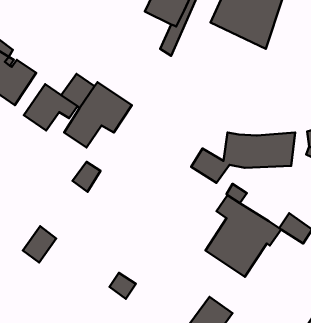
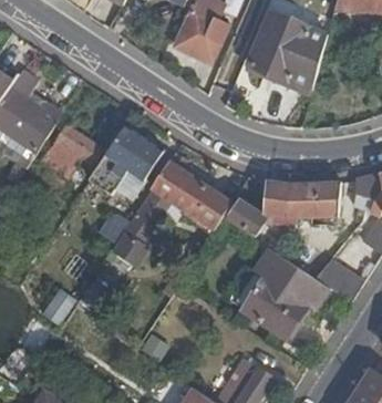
building: none -> [76,161,233,316]

